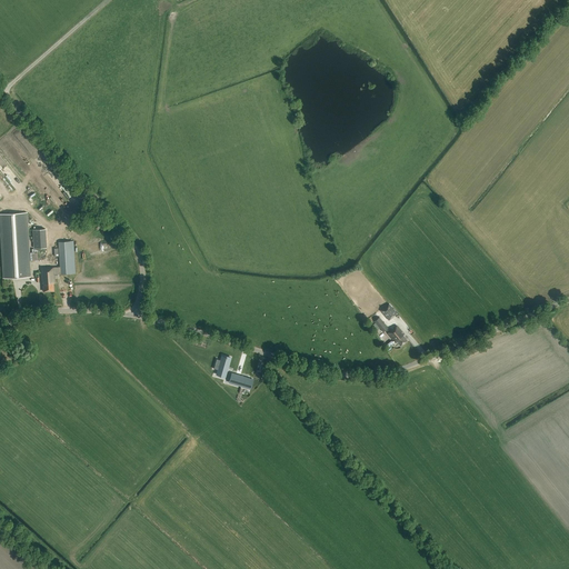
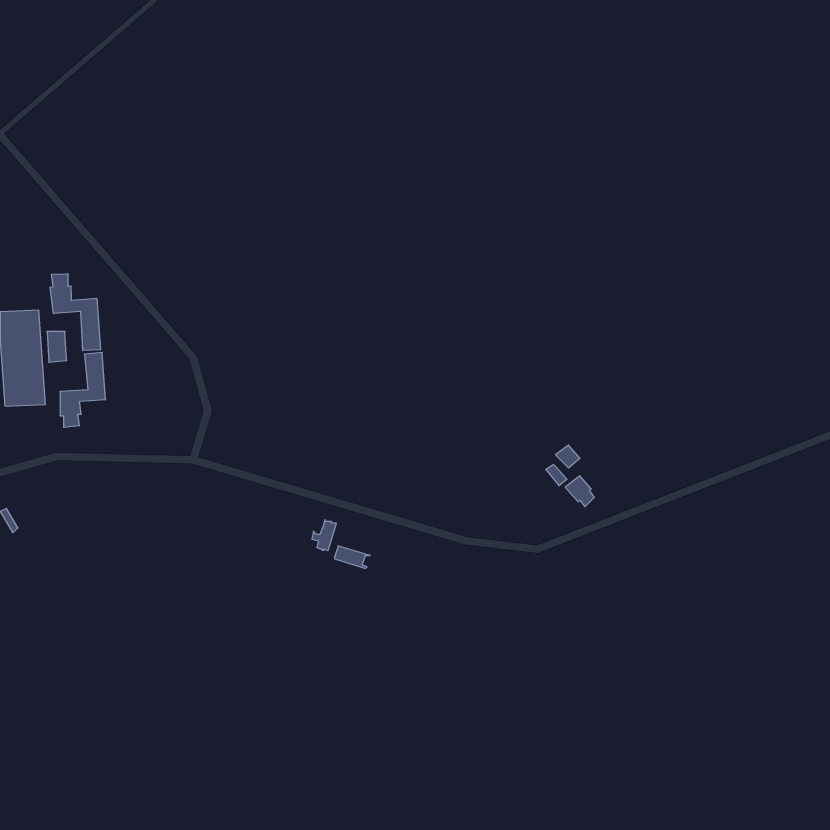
building: none -> [50,274,100,351]

